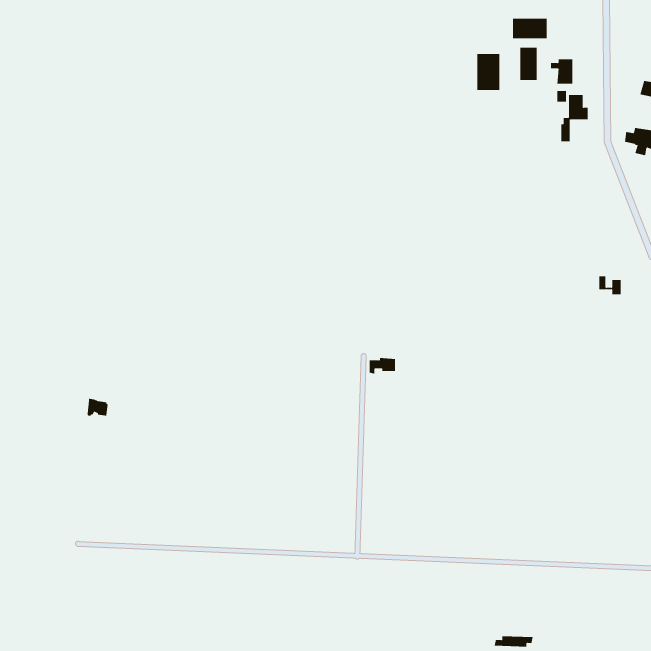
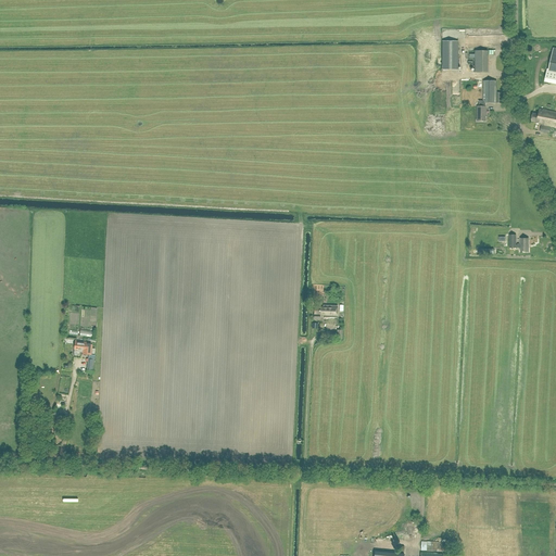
building: [513,18,547,39] -> none
building: [477,53,500,91] -> none

